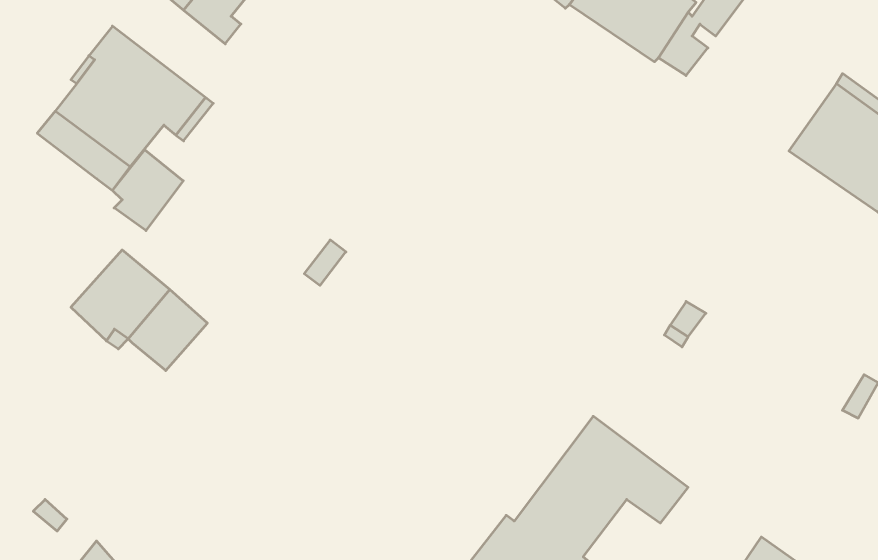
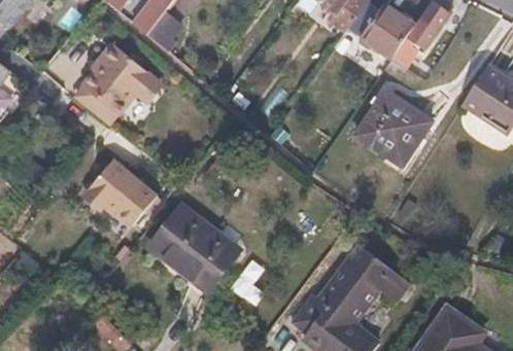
building: none -> [357,93,429,163]
building: [112,150,183,231] -> none
building: none -> [150,204,237,291]

